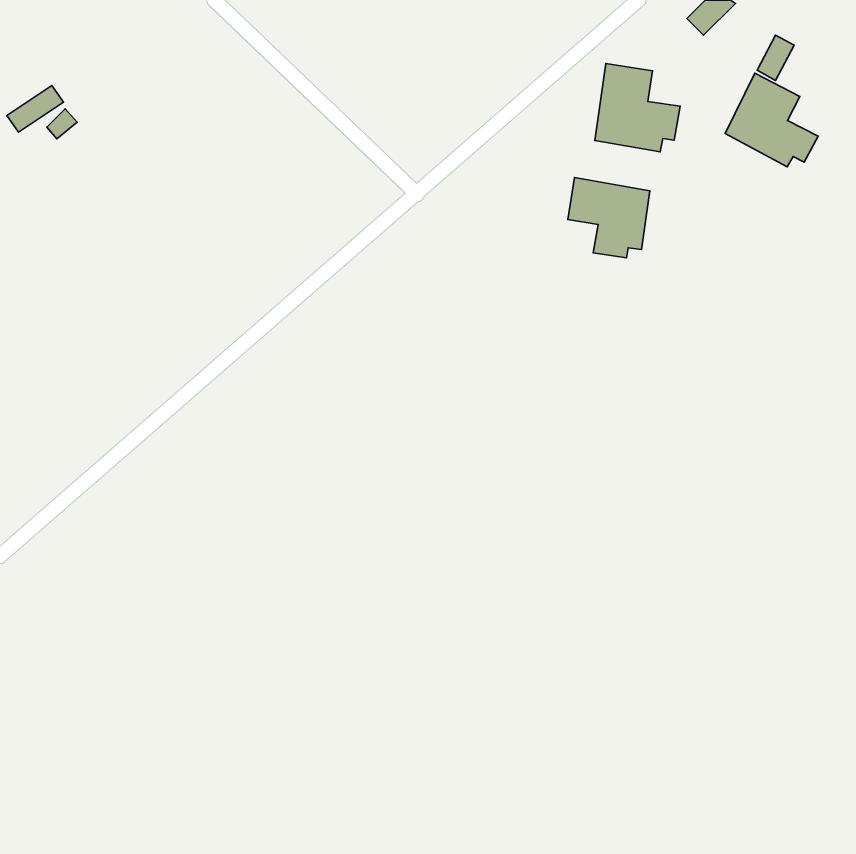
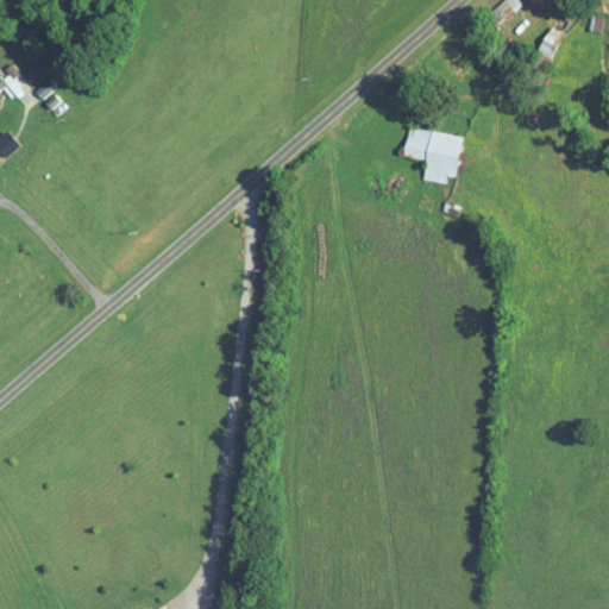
building: [595,63,680,152] -> none
building: [725,73,818,167] -> none

